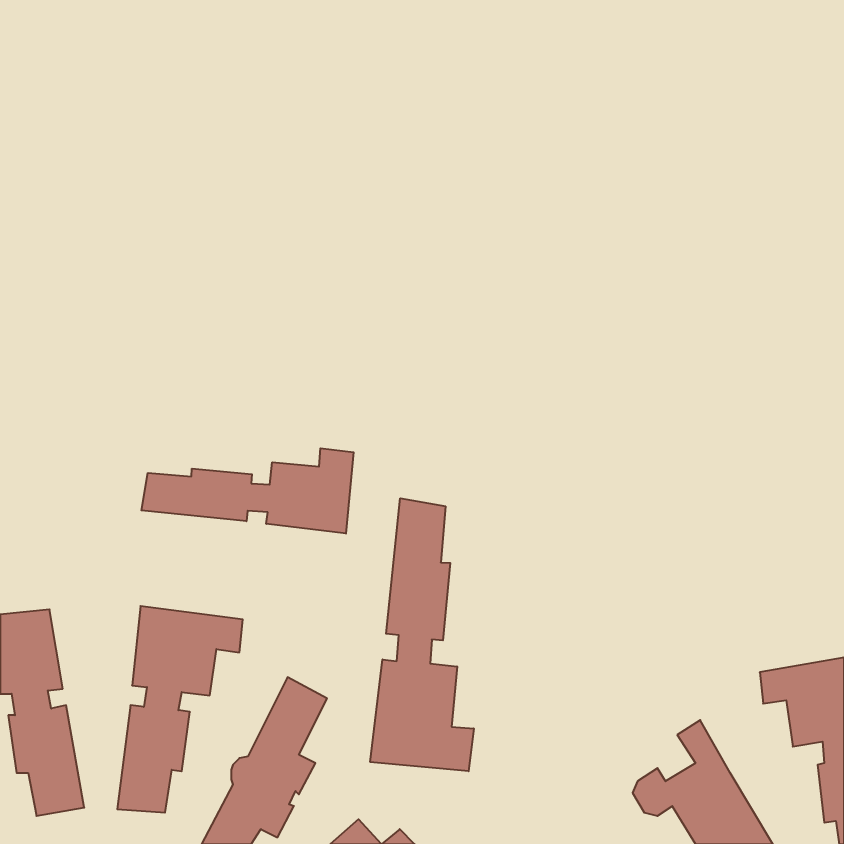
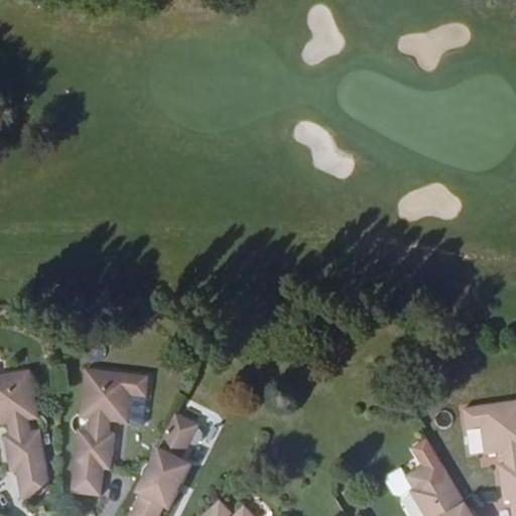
building: [141,448,354,534] -> none
building: [370,498,474,771] -> none

